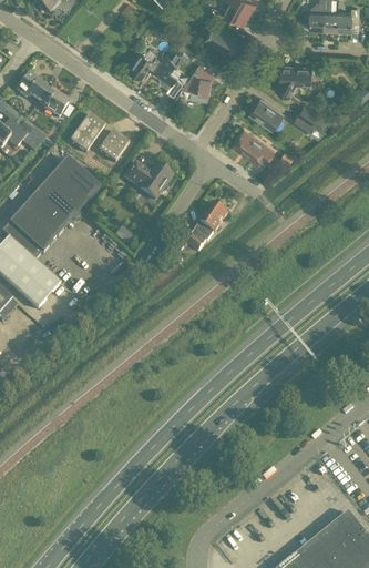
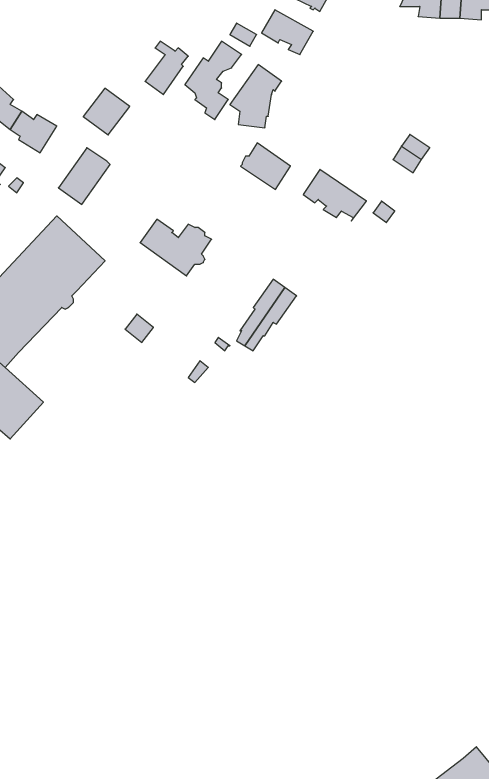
building: [275,63,314,94] -> none
building: [248,97,281,128] -> [241,143,290,189]
building: [96,130,127,161] -> [83,88,130,135]

